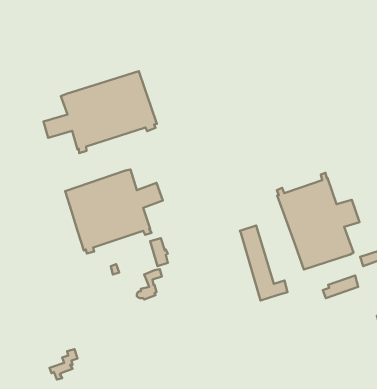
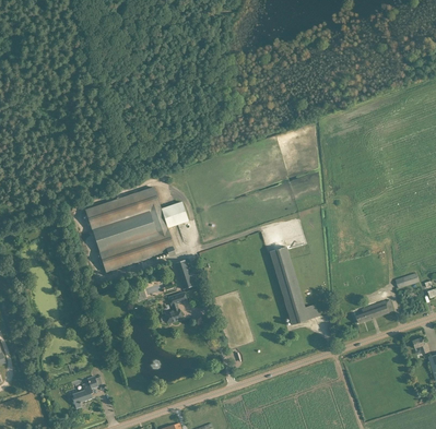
building: [43,71,157,153] -> none
building: [277,173,359,270] -> none

